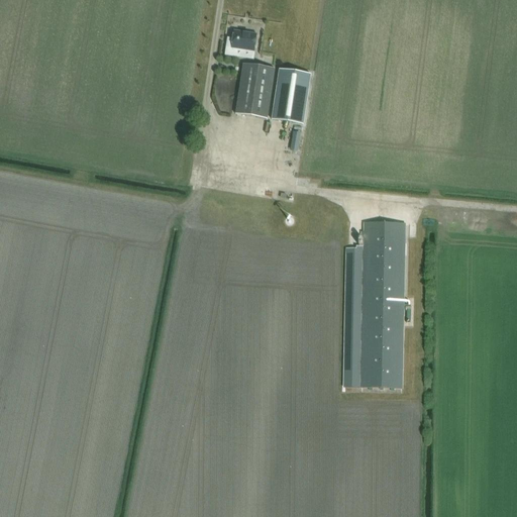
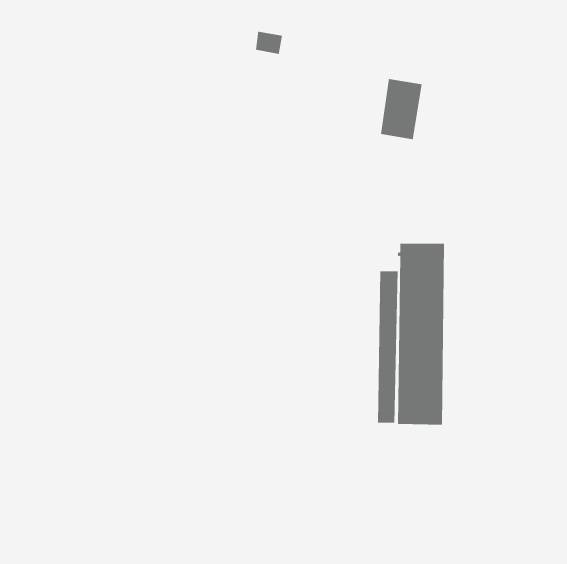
building: [235,63,274,116] -> none
building: [272,67,310,122] -> [380,79,422,140]

